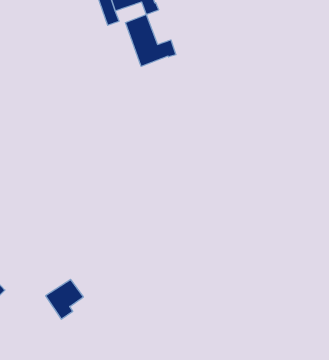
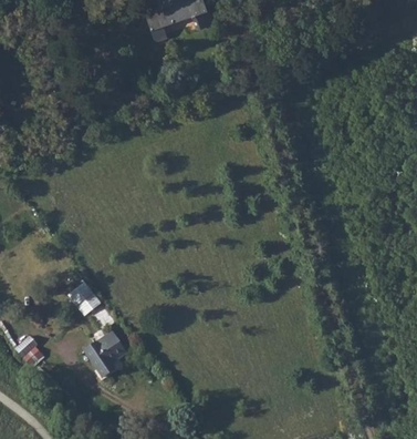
building: [125,15,176,66] -> none
building: none -> [69,284,101,317]

